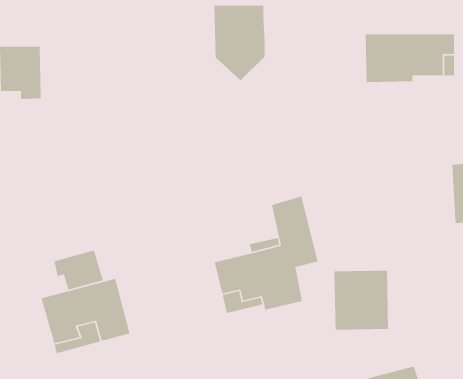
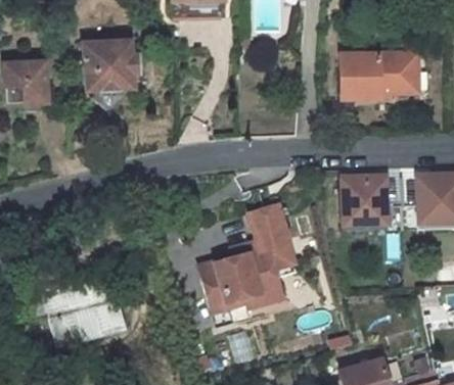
building: [214,5,265,81] -> [88,40,135,109]
building: [53,250,104,291] -> none
building: [334,270,389,331] -> [342,174,392,229]

